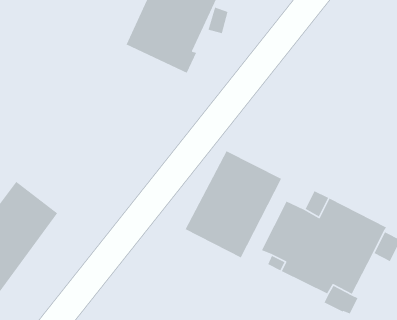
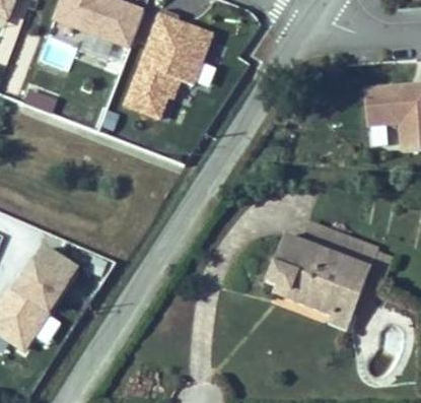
building: [185,150,282,258] -> none

